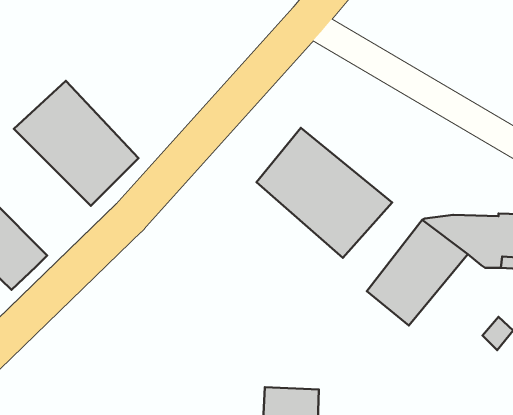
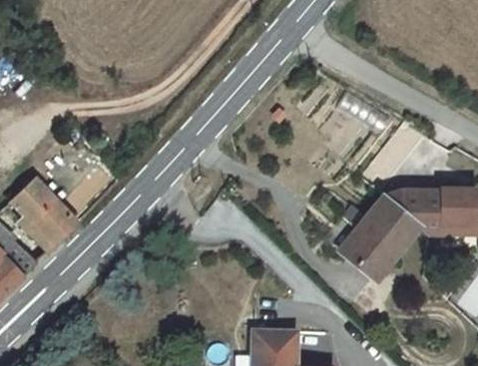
building: [14,81,138,206] -> none
building: [256,128,392,258] -> none

